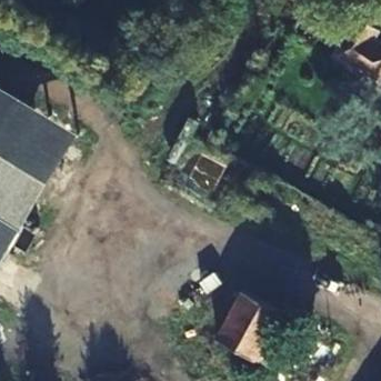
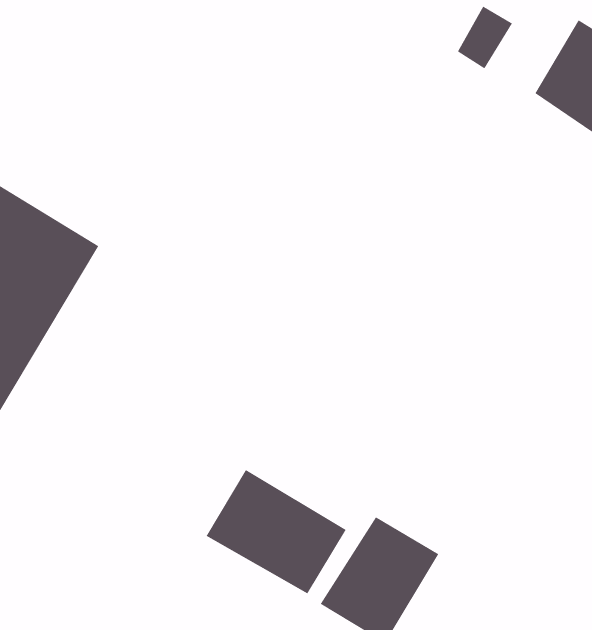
building: none -> [206,469,347,594]

